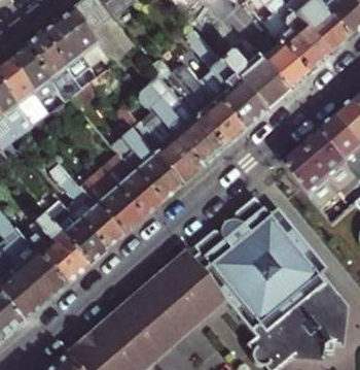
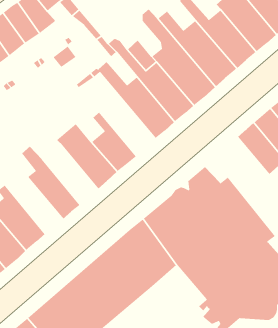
building: [140,115,200,186] -> none
building: [80,172,139,237] -> none
building: [46,207,102,268] -> none

